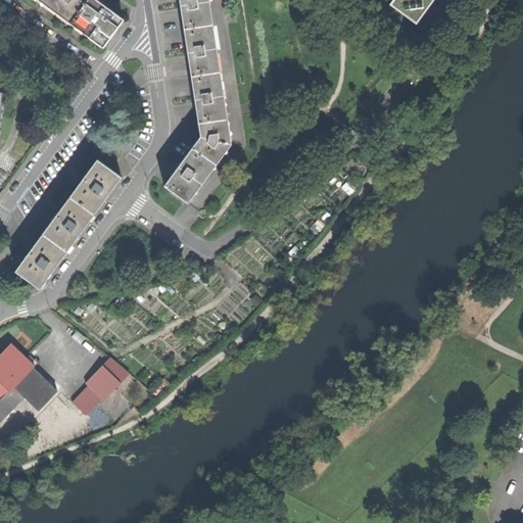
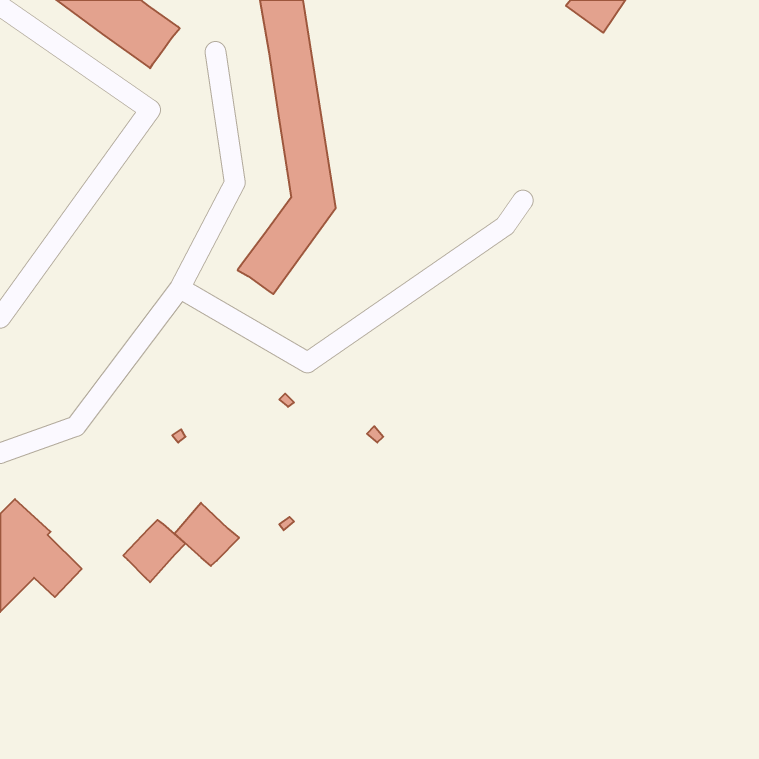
building: [15,159,122,288] -> none
building: none -> [175,503,239,566]
building: [72,385,100,414] -> none

